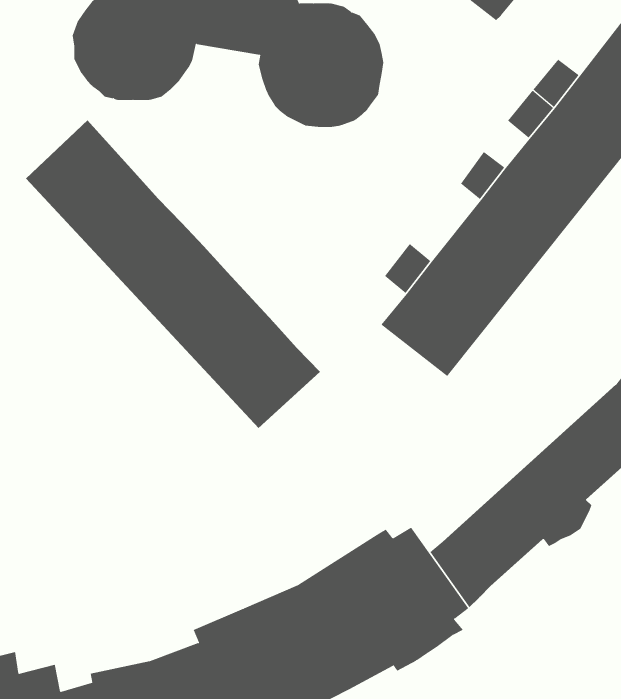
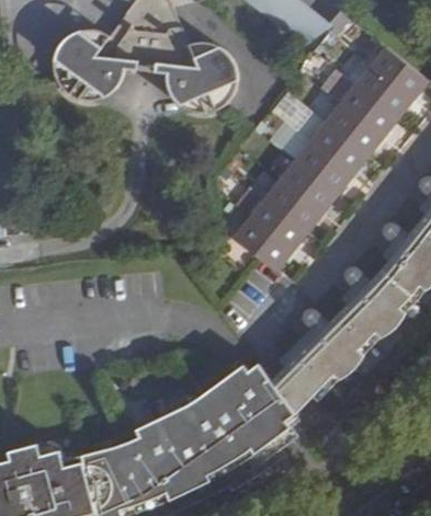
building: [25,120,321,429] -> none

